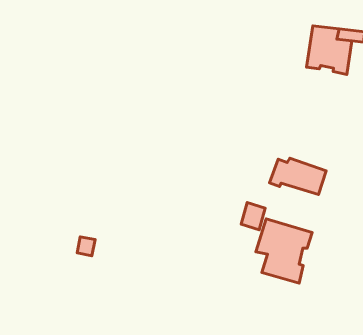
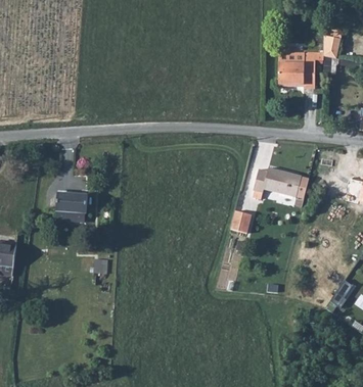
building: none -> [55,194,85,222]
building: [256,219,312,283] -> none

